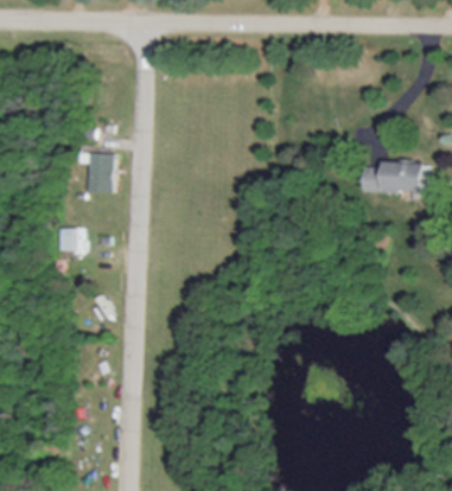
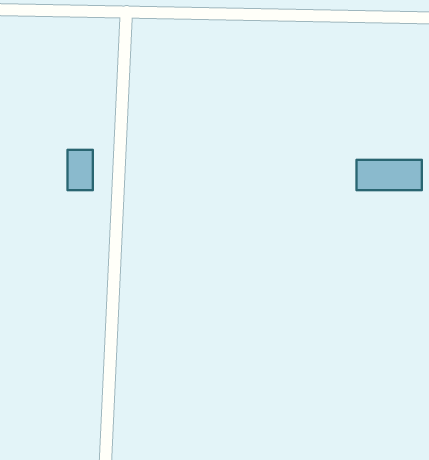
building: [62,227,84,253] -> none

